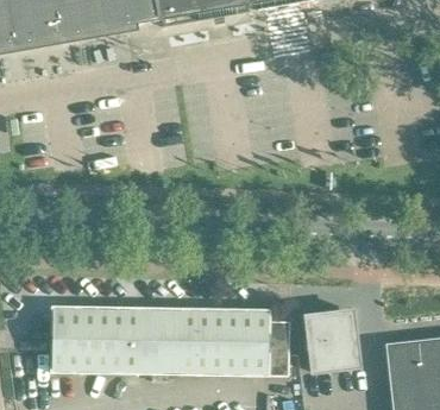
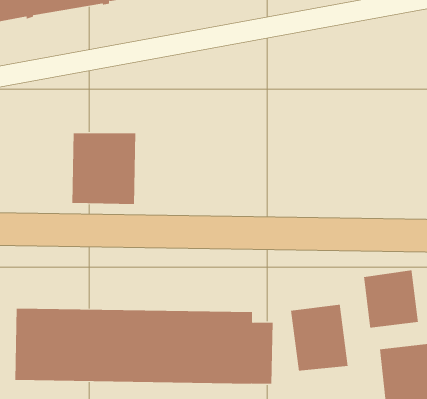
building: none -> [72,132,136,205]
building: none -> [363,269,418,328]

